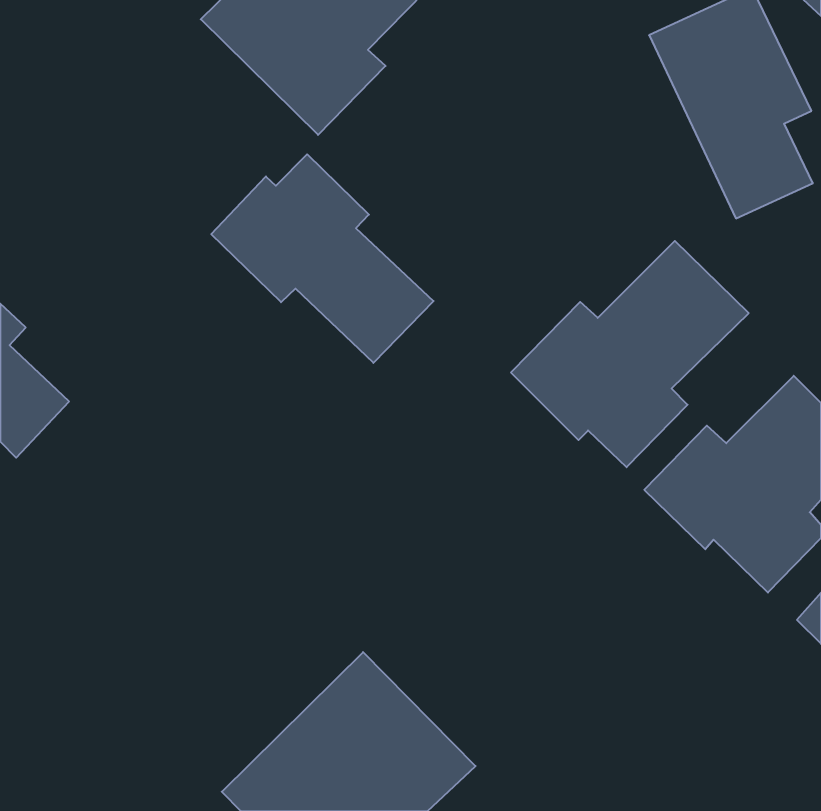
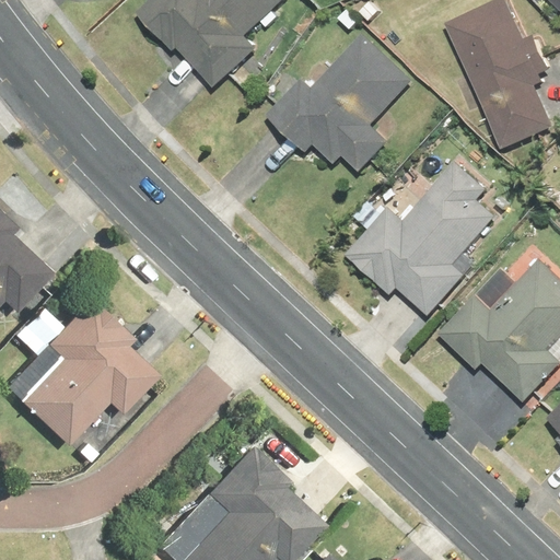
building: none -> [265,33,416,175]
building: [211,154,434,363] -> none
building: none -> [12,296,158,446]

